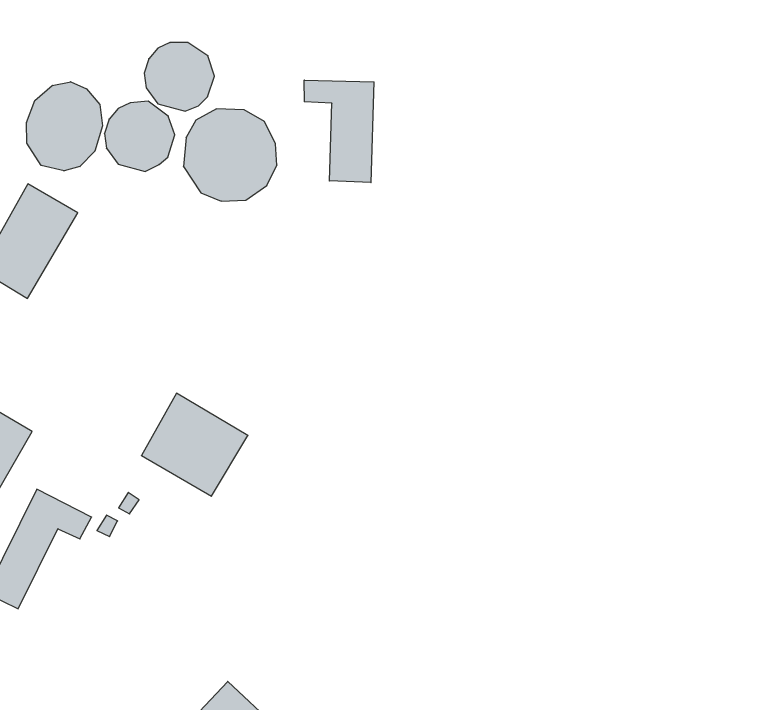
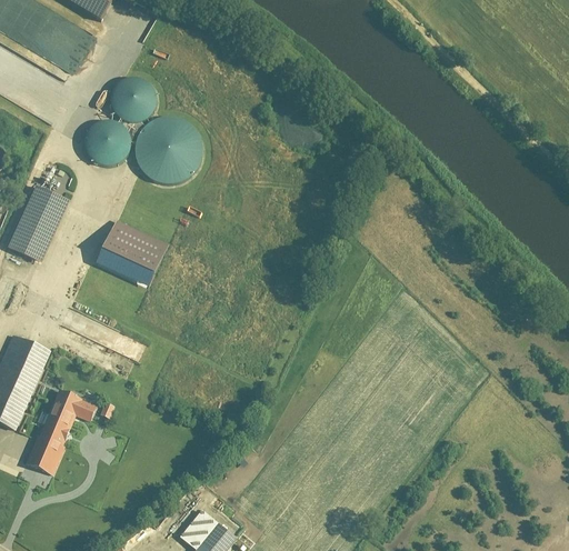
building: [304,80,374,183] -> none
building: [27,82,103,171] -> none
building: [141,393,248,496] -> [96,218,167,285]

